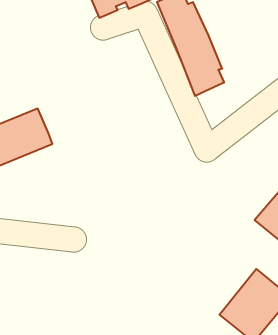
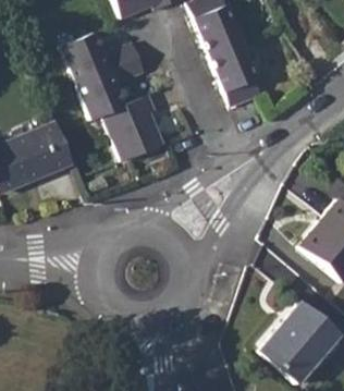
building: none -> [64,33,168,161]

